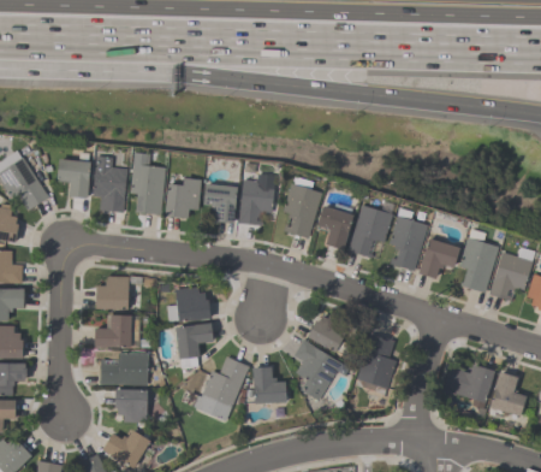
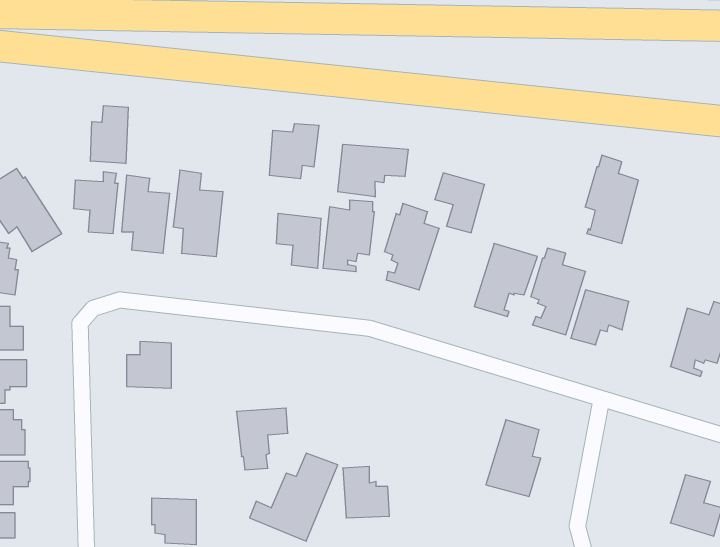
building: none -> [90,106,128,164]
building: none -> [338,144,408,197]
building: [166,178,202,218] -> [269,124,319,179]
building: [317,206,353,249] -> [435,173,485,233]
building: [459,229,498,293] -> [585,155,638,244]
building: [166,287,210,321] -> none
building: [308,312,357,356] -> none
building: [95,315,131,347] -> none
building: [293,340,341,401] -> none
building: [100,352,148,385] -> none
building: [444,364,495,409] -> none

